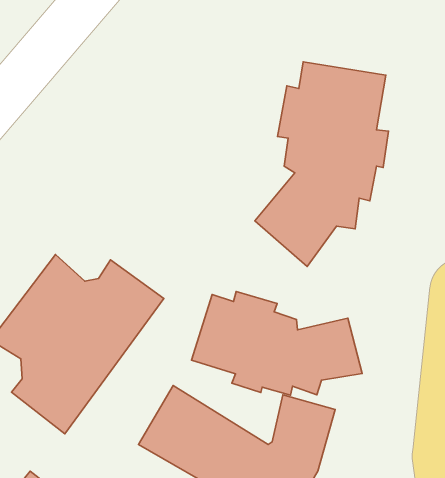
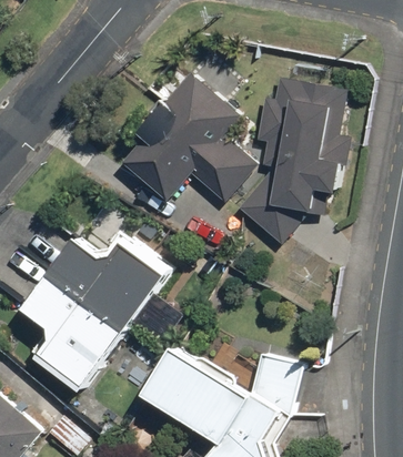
building: none -> [114,74,261,207]
building: [191,292,362,395] -> none

